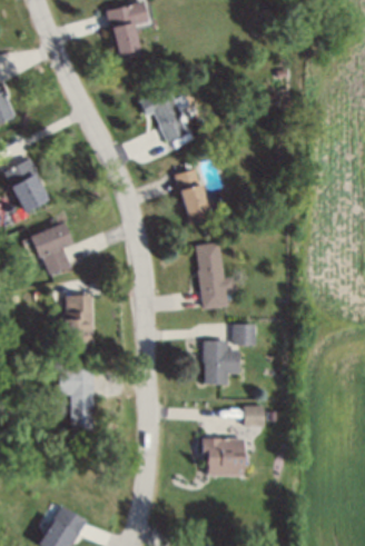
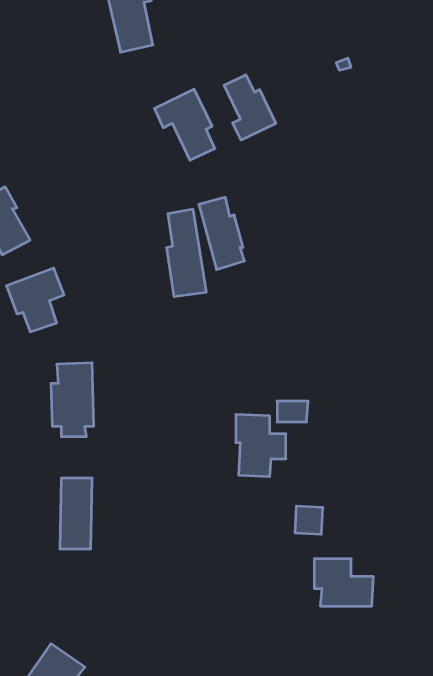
building: none -> [224,75,276,140]
building: [198,242,228,308] -> [166,209,206,297]
building: [204,438,248,474] -> [314,559,373,606]

